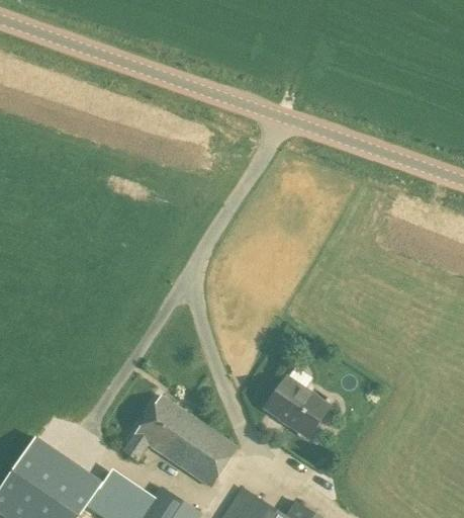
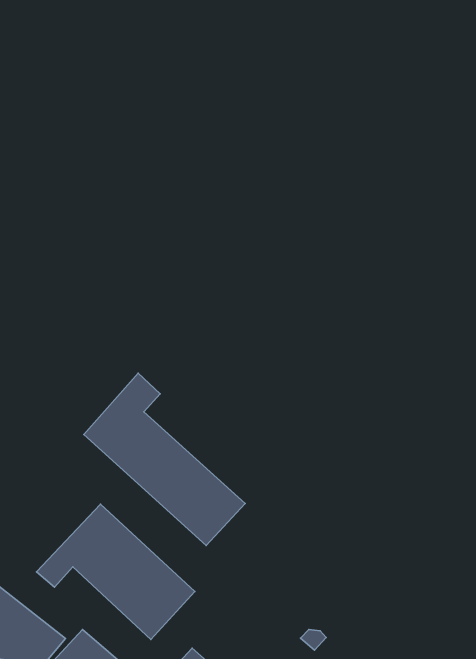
building: none -> [84,373,245,546]
building: [264,378,328,438] -> none

